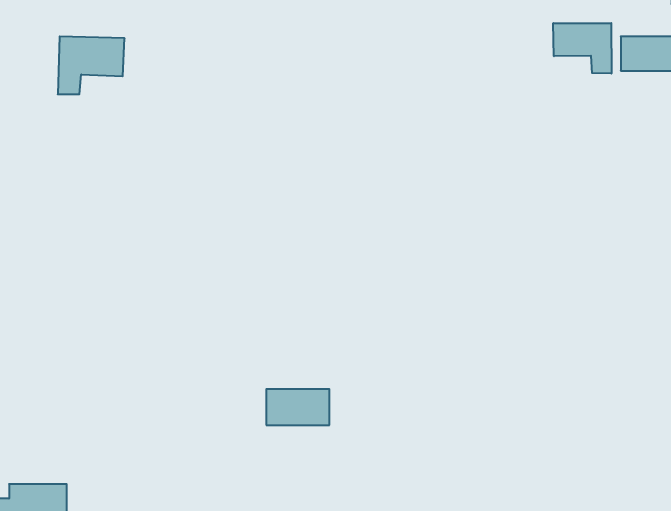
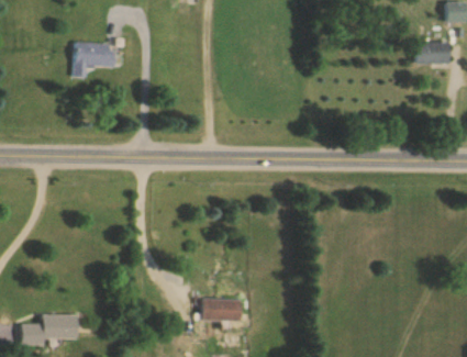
building: [553,23,611,74] -> none
building: [266,389,329,425] -> [202,299,241,321]

